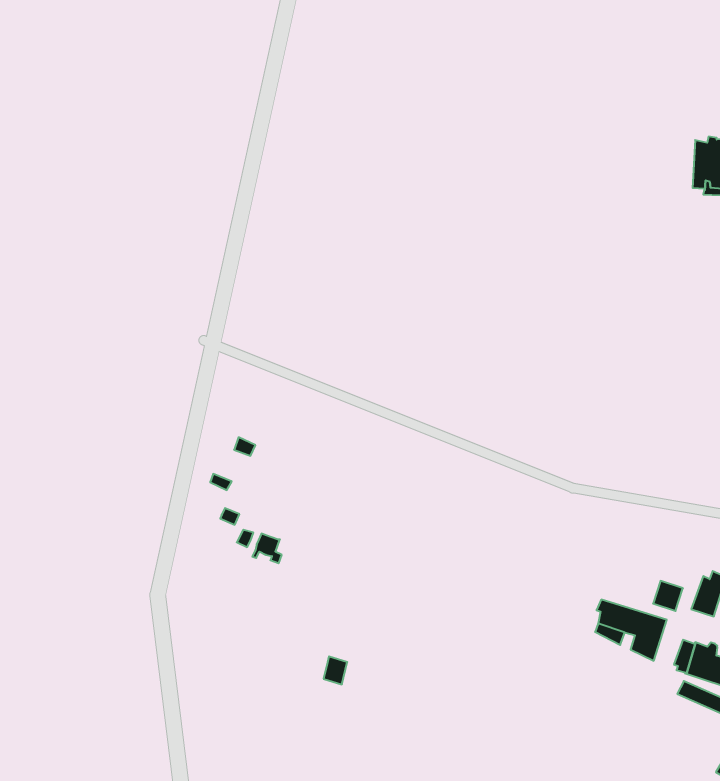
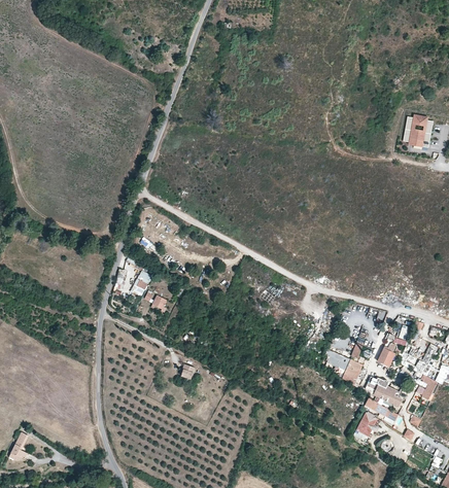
building: none -> [354,411,379,440]

